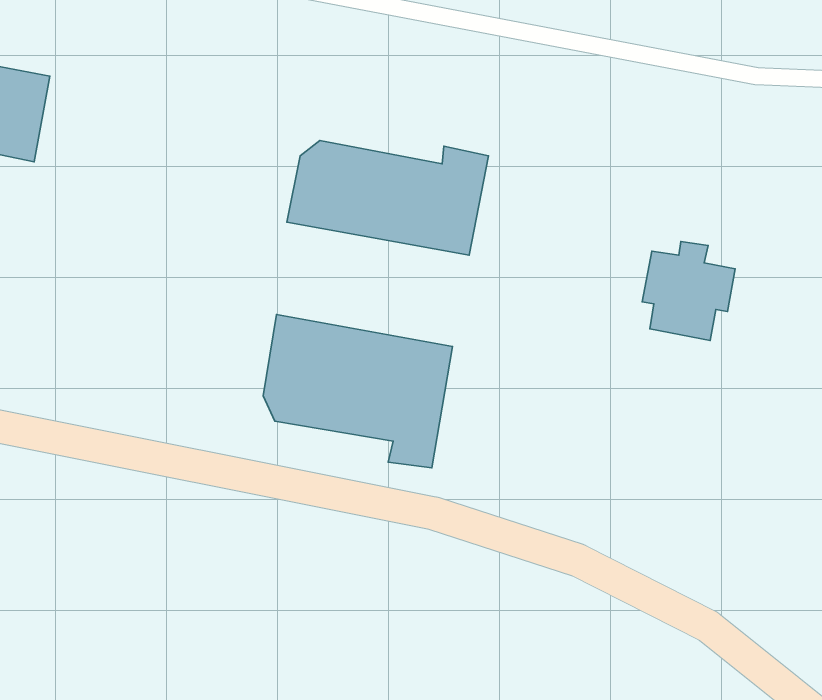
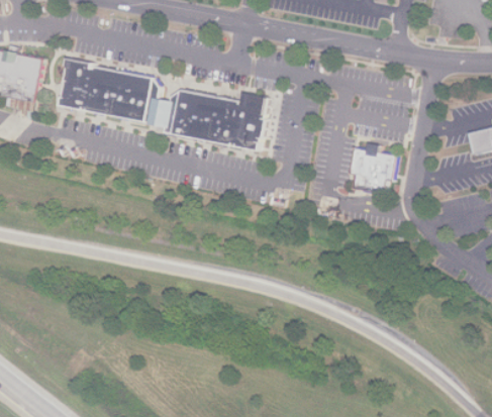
building: none -> [60,59,159,123]
building: [263,315,452,468] -> none

